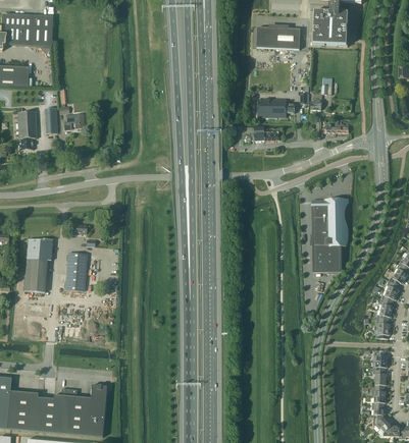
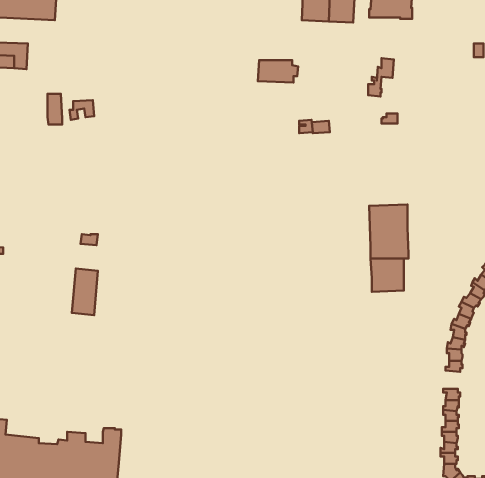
building: [257,98,291,116] -> [258,60,298,82]
building: [17,106,37,149] -> none
building: [23,245,52,291] -> none

